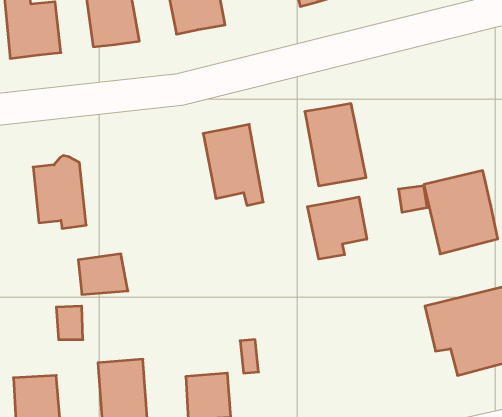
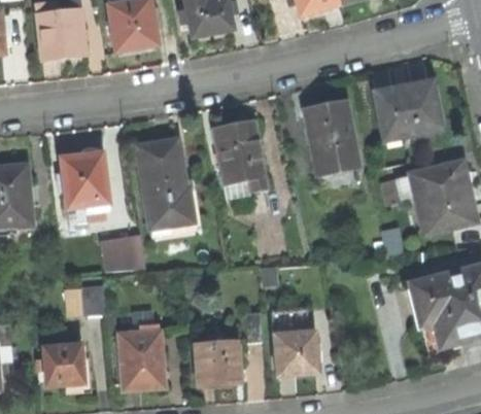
building: none -> [376,82,442,139]
building: none -> [137,140,193,228]
building: [307,197,367,259] -> none
building: none -> [272,308,318,374]

